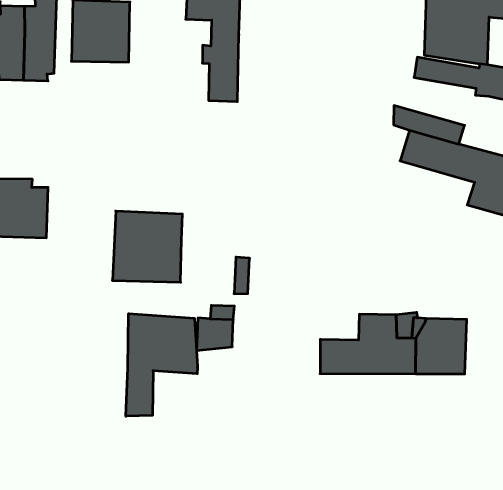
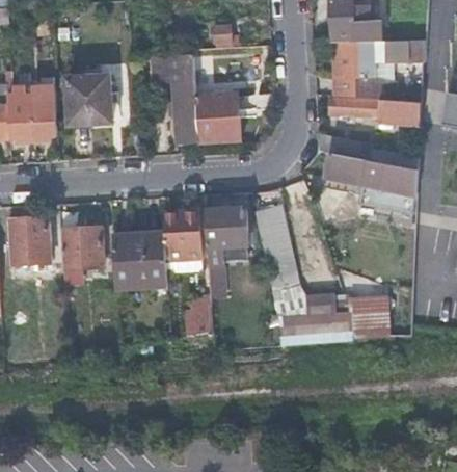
building: none -> [195,91,236,142]
building: none -> [60,219,103,268]
building: none -> [163,212,200,259]
building: none -> [205,209,248,246]
building: none -> [256,206,306,319]
building: [126,314,197,416] -> none

